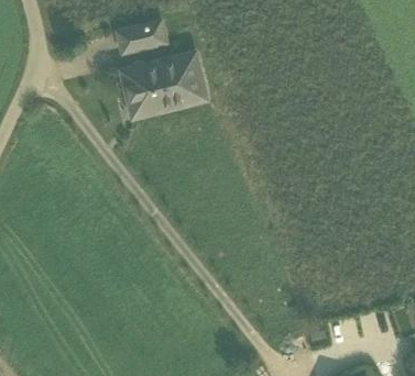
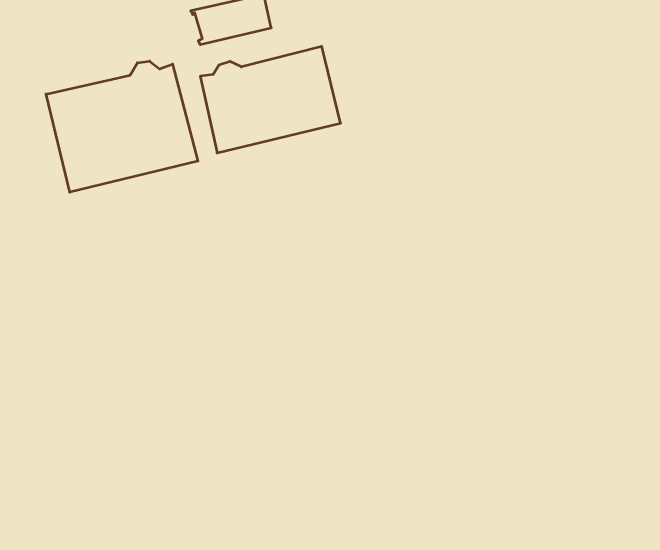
building: none -> [46,61,198,192]

